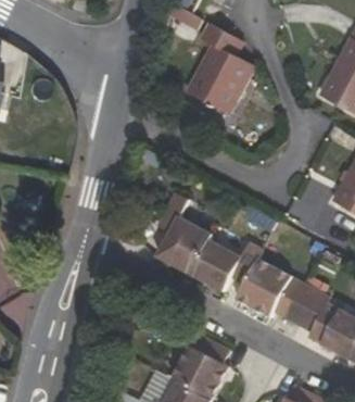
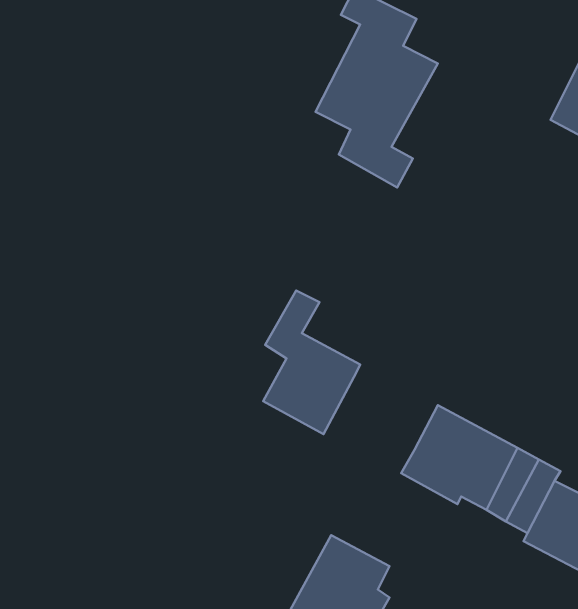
building: [194,240,264,290] -> none

